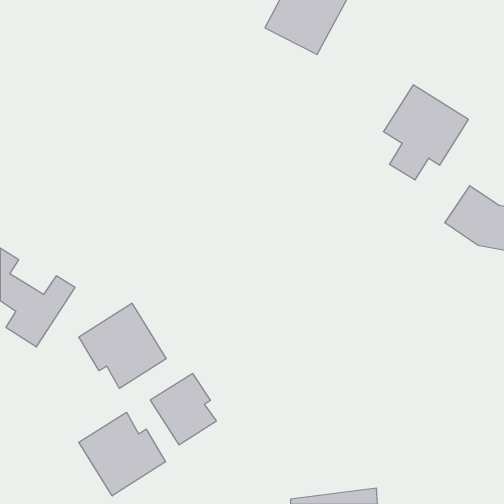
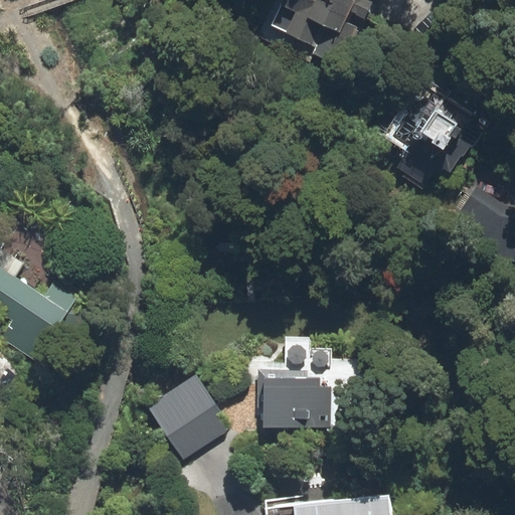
building: [79,303,166,388] -> none
building: none -> [266,378,330,427]
building: [79,412,166,496] -> none

